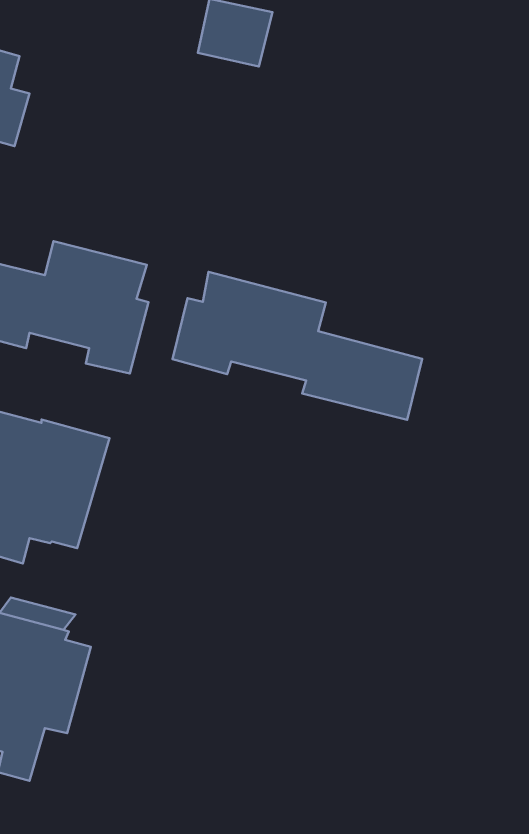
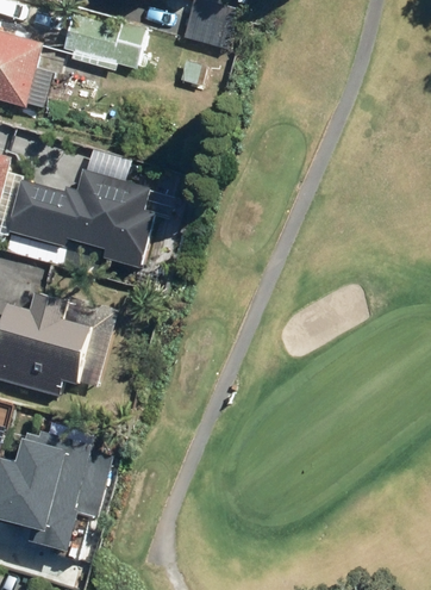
building: none -> [67,15,154,72]
building: [172,272,422,420] -> none

